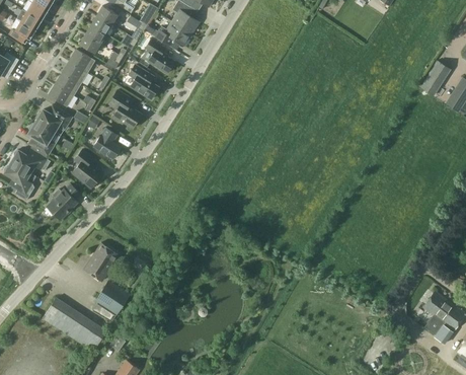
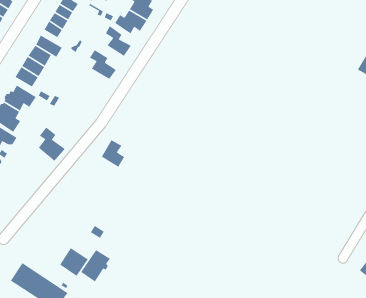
building: [108,90,142,128] -> none
building: [94,128,121,159] -> [101,139,125,168]
building: [47,184,80,220] -> none
building: [84,243,118,280] -> [80,249,111,283]

